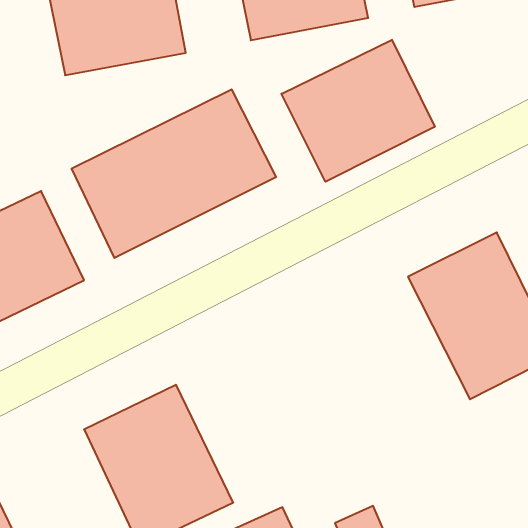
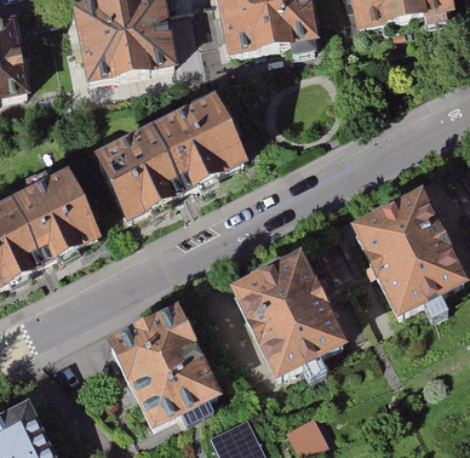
building: [281,40,435,182] -> none
building: none -> [227,262,340,389]

